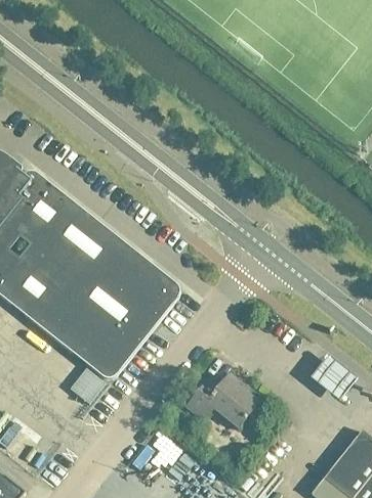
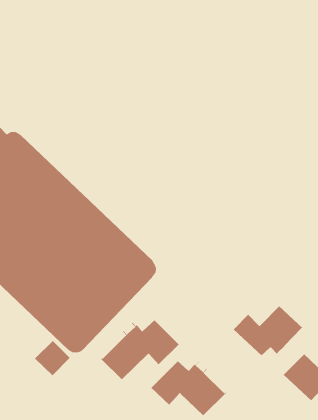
building: none -> [233,306,304,357]
building: none -> [100,320,180,380]

